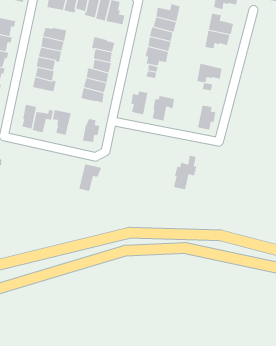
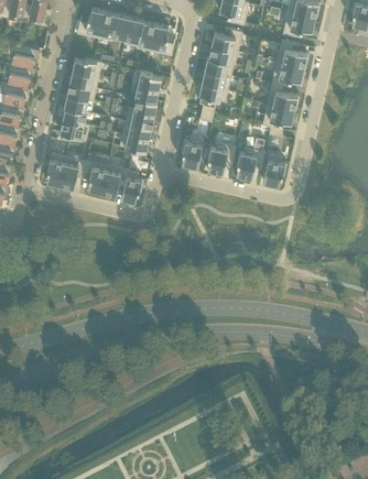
building: none -> [267,81,300,109]
building: [173,155,197,190] -> [236,137,266,179]
building: [78,164,102,192] -> [100,163,129,197]

